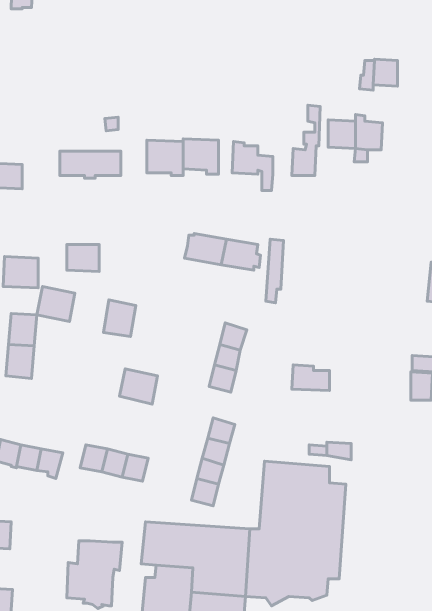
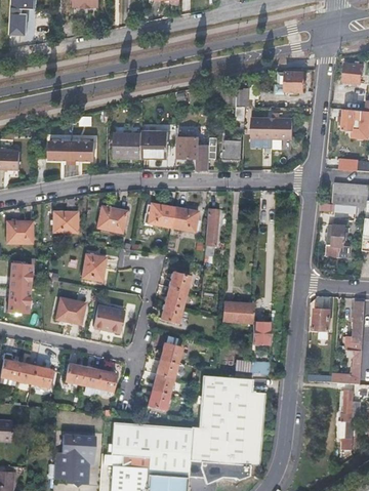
building: none -> [97,204,126,232]
building: [37,286,75,322] -> [55,297,84,324]
building: none -> [252,321,271,343]

